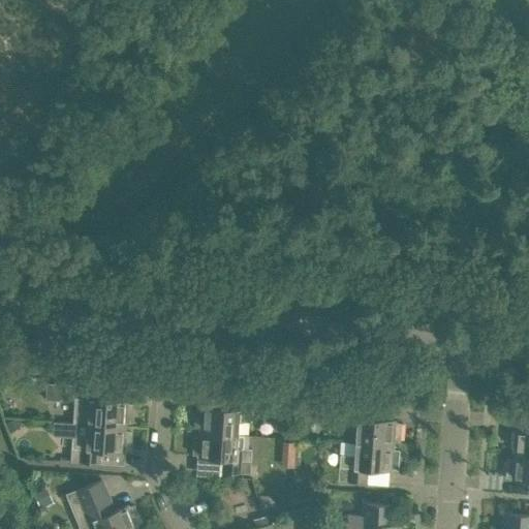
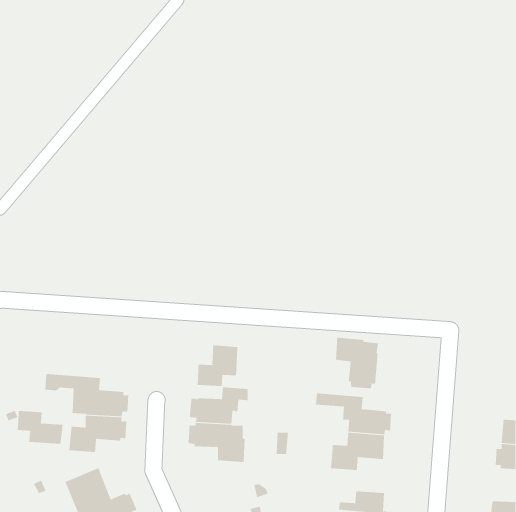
building: none -> [335,337,379,389]
building: none -> [197,344,238,387]
building: none -> [17,410,63,445]

